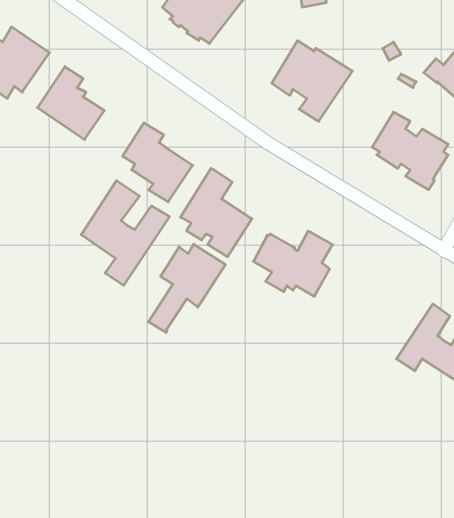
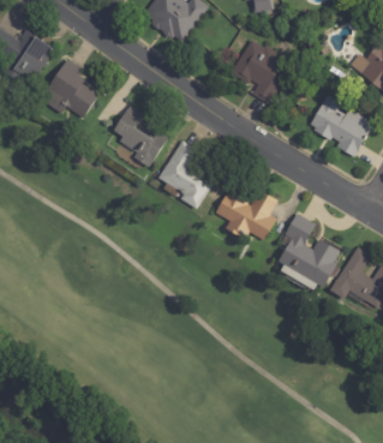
building: [81,181,169,285] -> none
building: [148,244,225,333] -> none
building: none -> [277,212,340,291]

